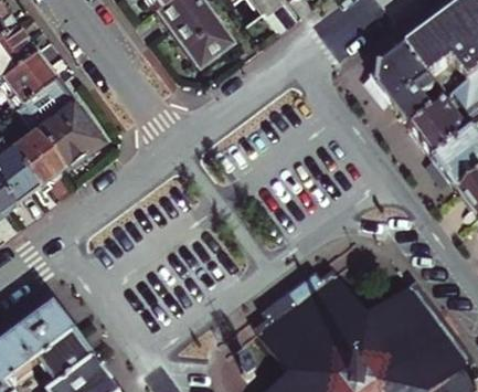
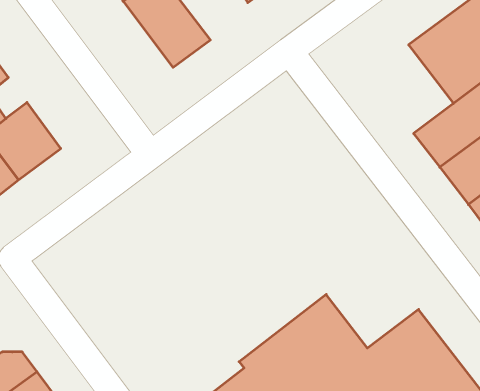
building: [372,47,446,126] -> none

